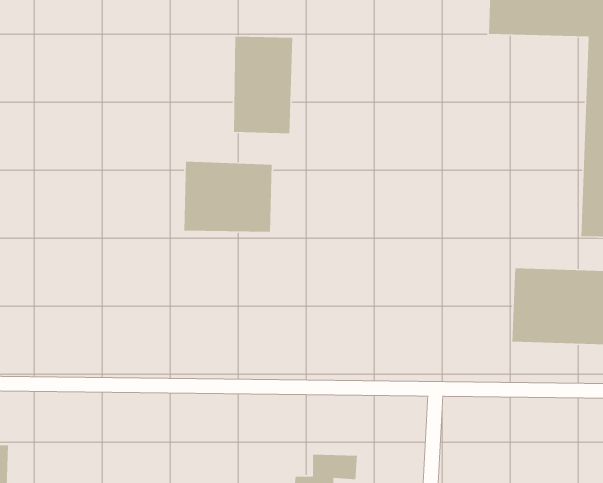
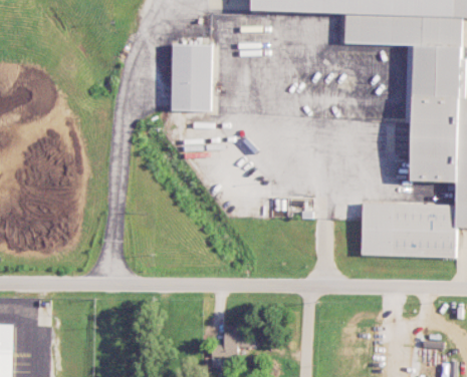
building: [183,161,273,233] -> none

